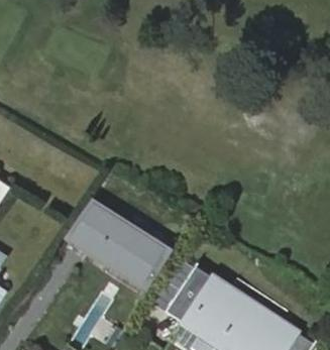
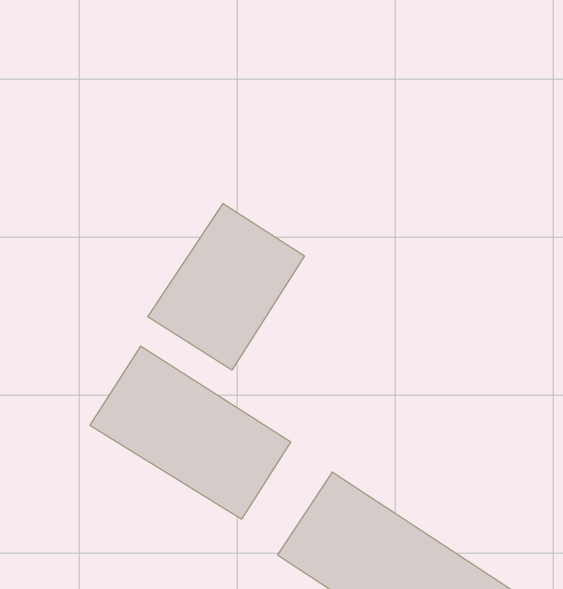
building: none -> [148,204,305,370]

